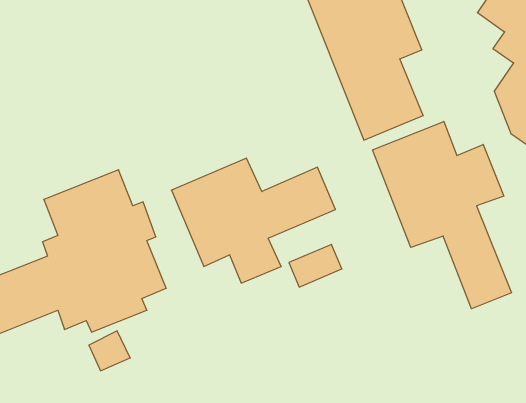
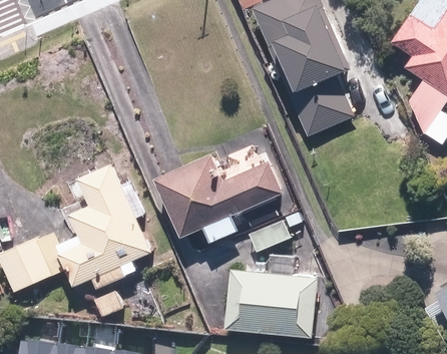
building: [372,121,511,309] -> none
building: none -> [224,254,315,334]

